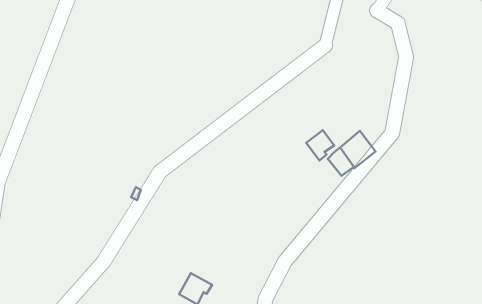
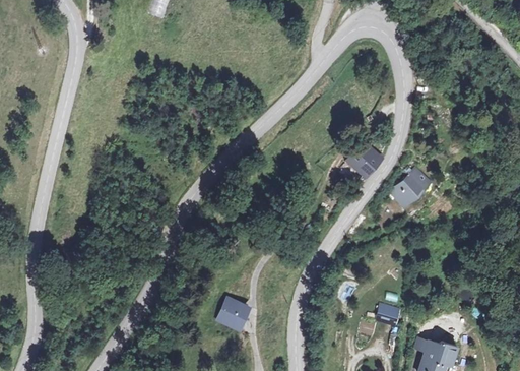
building: [306,130,334,160] -> none
building: none -> [393,167,431,204]

